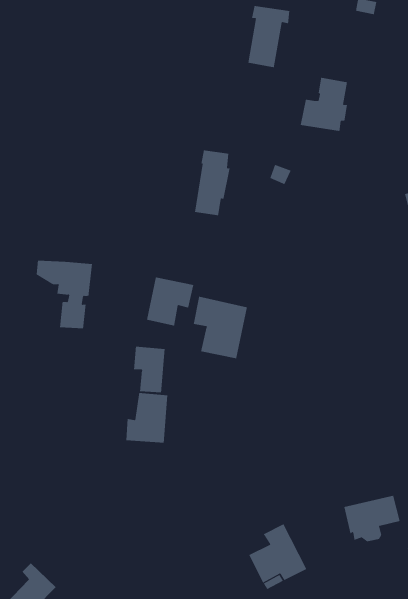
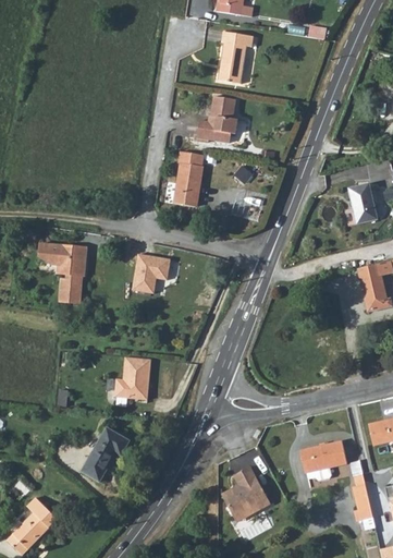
building: [300,77,348,132] -> [195,97,235,143]
building: [193,296,248,359] -> none
building: [134,346,165,393] -> none
building: none -> [82,427,128,481]

